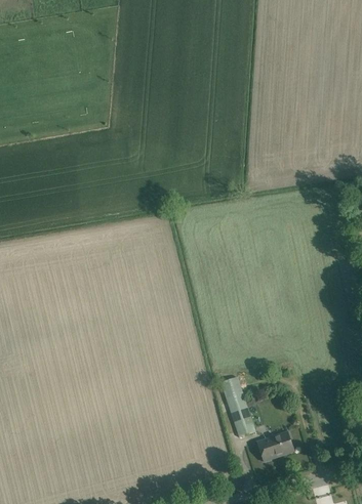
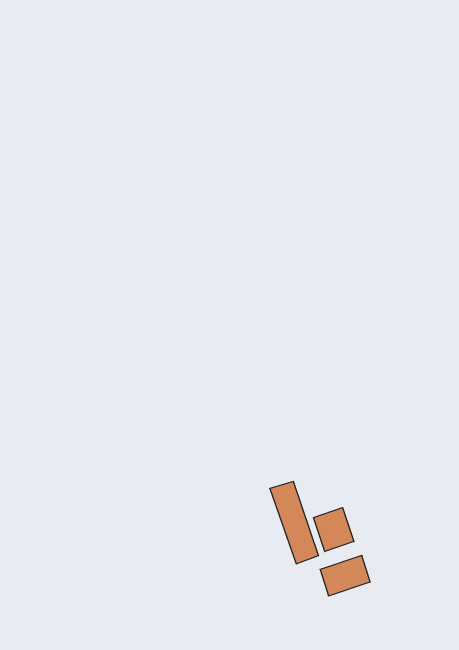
building: none -> [314,508,354,552]

